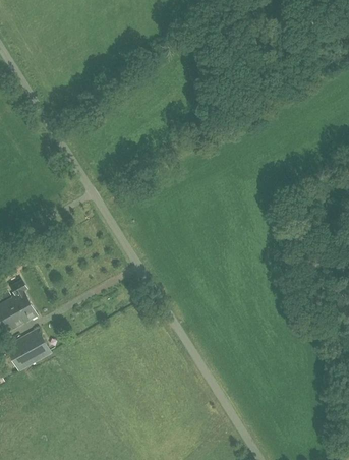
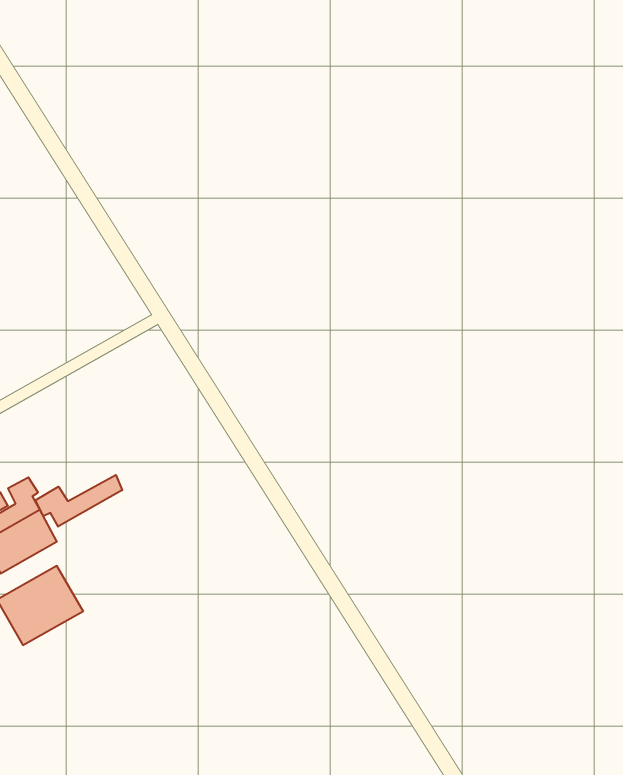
building: none -> [35,475,122,527]

